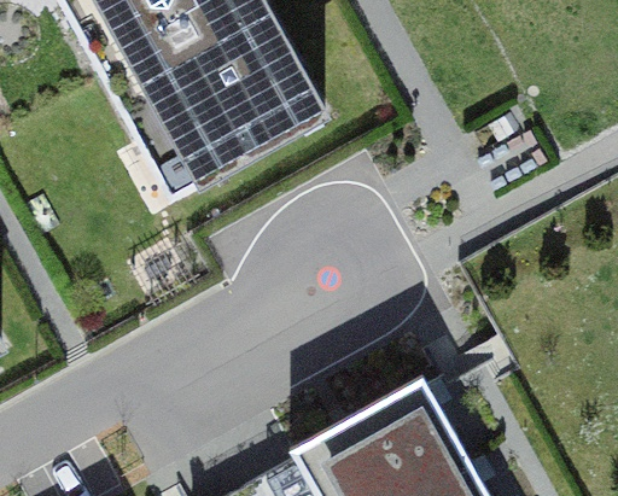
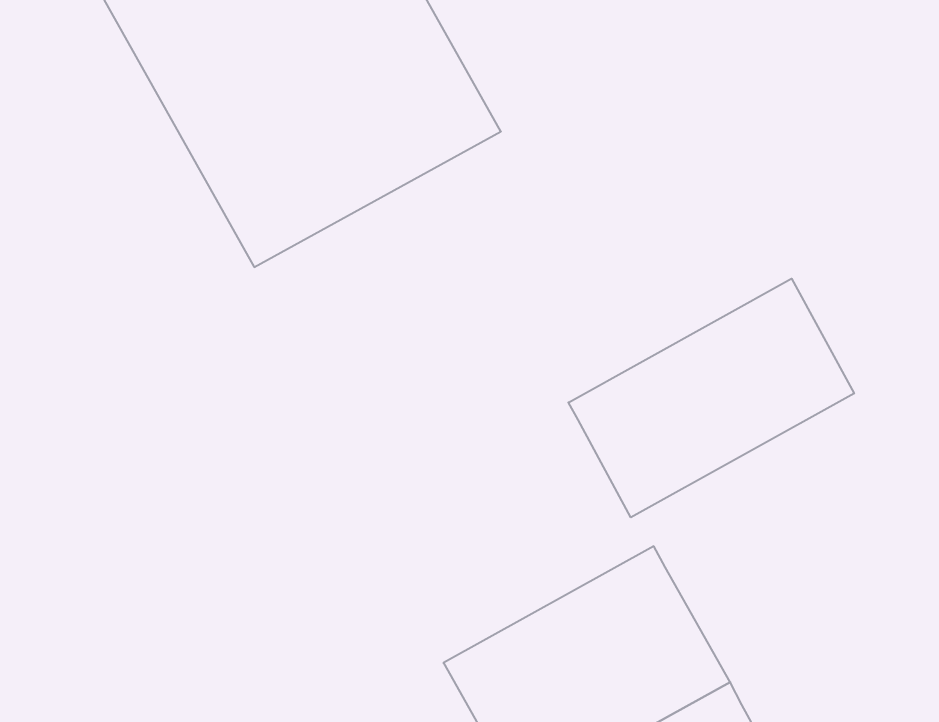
building: none -> [568,279,854,517]

